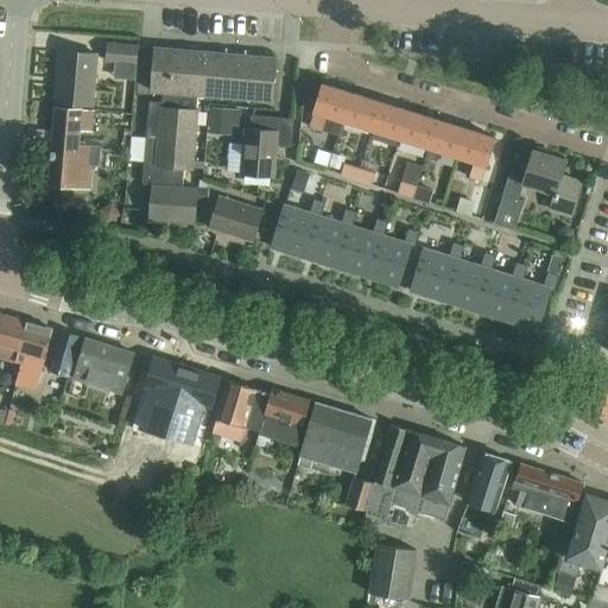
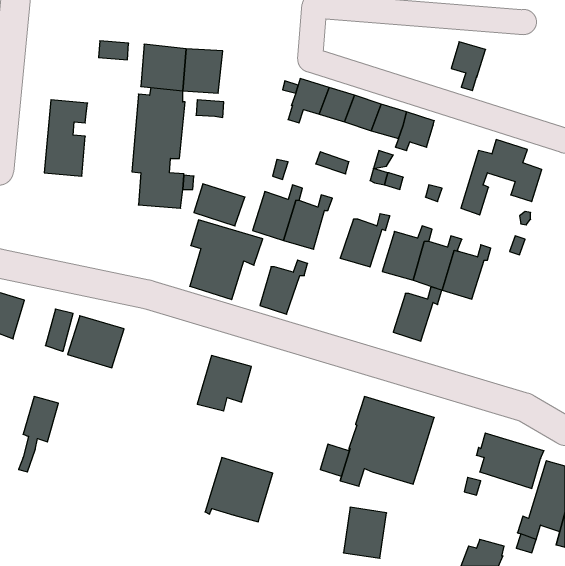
building: [55,51,96,107] -> none
building: [234,55,274,103] -> none
building: [240,115,291,178] -> none
building: [457,129,494,182] -> [451,42,486,91]
building: [336,218,387,277] -> [260,260,308,314]
building: [506,272,558,330] -> [393,287,442,341]
building: [10,322,52,403] -> [19,397,58,472]
building: [142,359,221,444] -> [190,220,263,300]
building: [258,390,310,445] -> none
building: [298,403,370,471] -> [205,458,273,522]
building: [457,452,511,539] -> none

